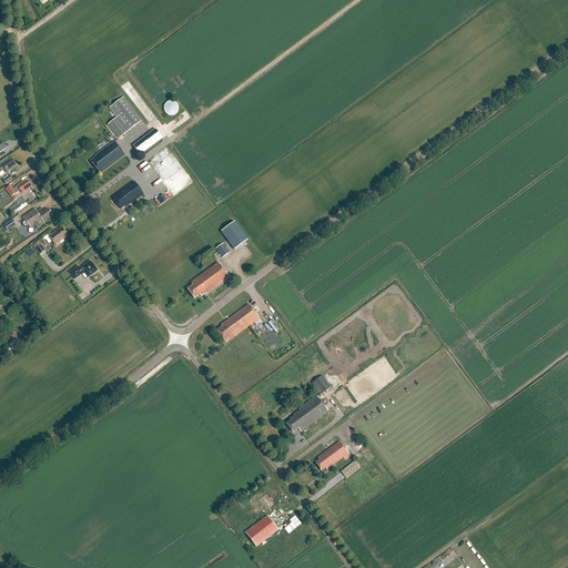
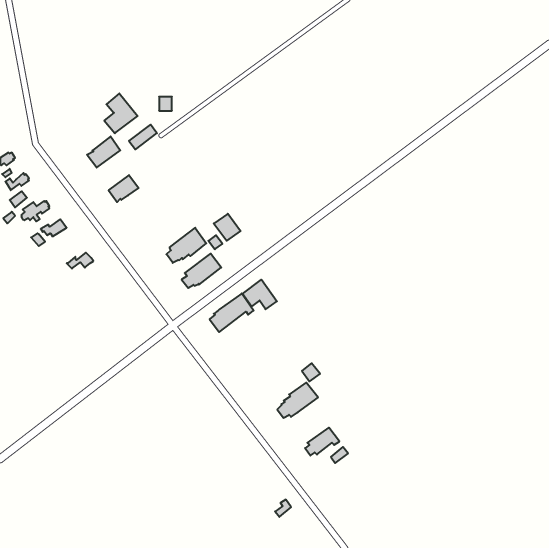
building: none -> [166,228,206,263]
building: none -> [243,280,277,309]
building: [245,515,278,547] -> none

